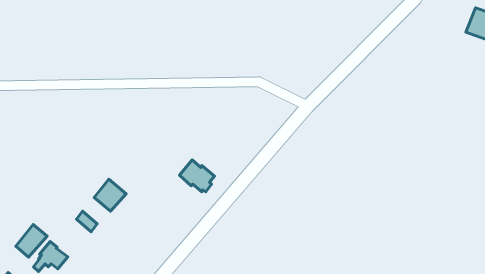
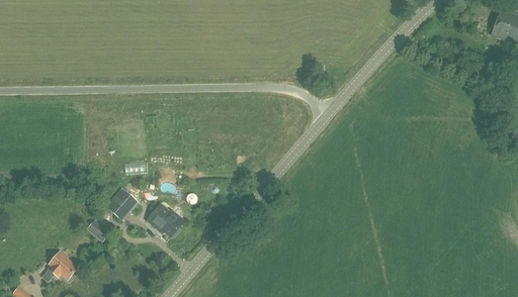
building: [179,160,214,192] -> [147,203,183,236]
building: [16,225,47,257] -> none

